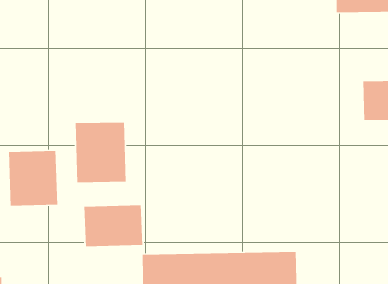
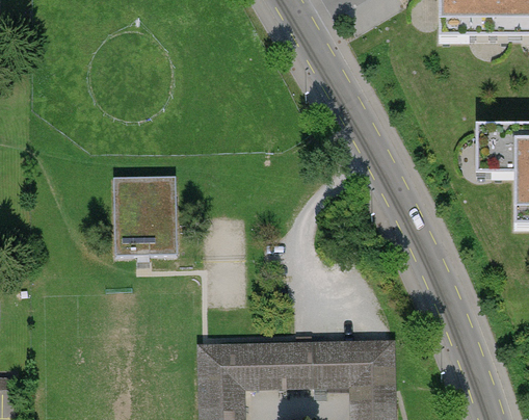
building: [8,150,58,206] -> none
building: [84,205,143,247] -> none

